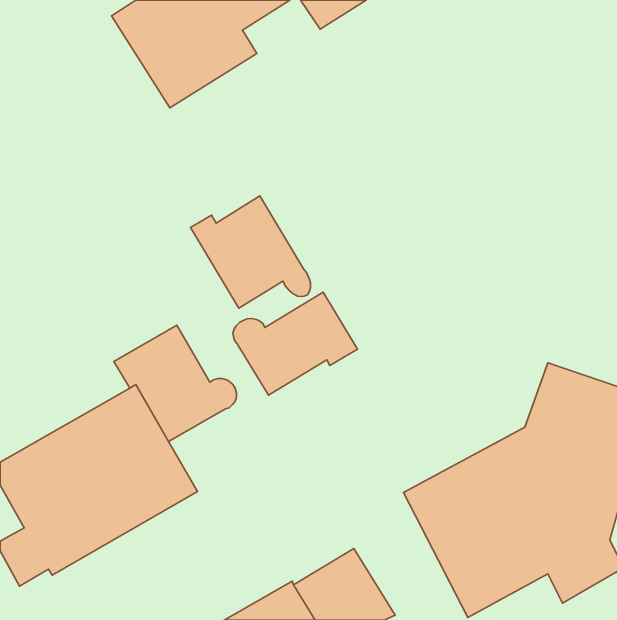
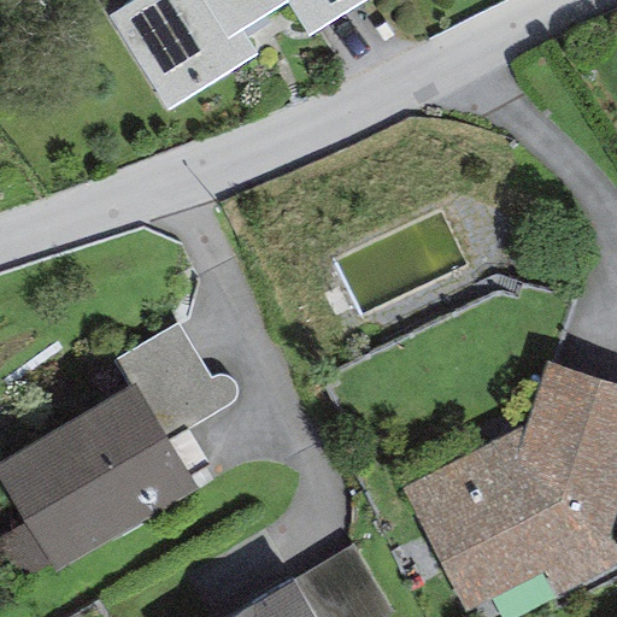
building: [191,196,311,308] -> none
building: [233,292,358,395] -> none

